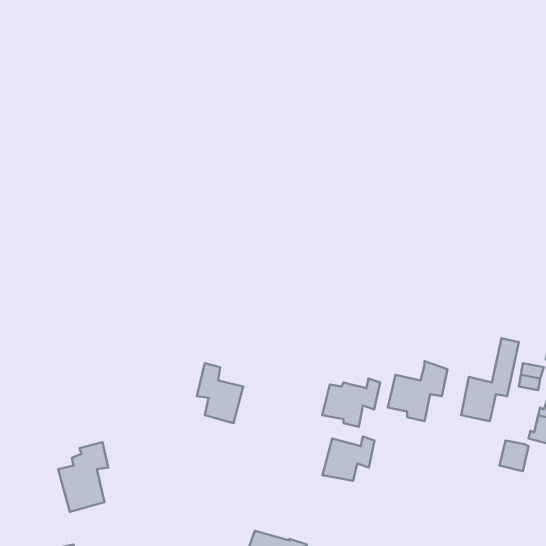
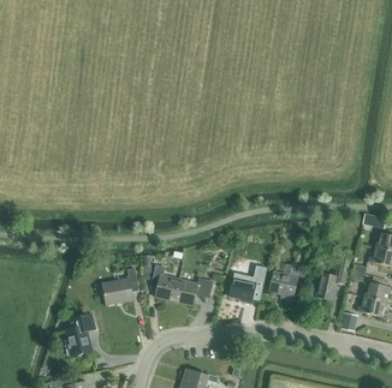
building: none -> [102,268,138,305]
building: [322,437,374,481] -> [173,277,206,305]

